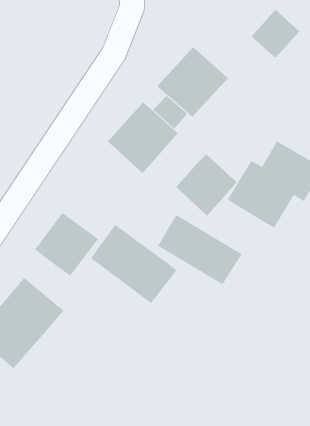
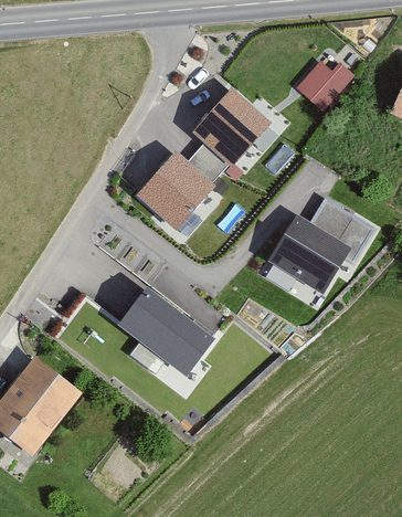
building: [175,154,238,216] -> none
building: [35,212,99,276] -> none
building: [157,214,242,285] -> none

